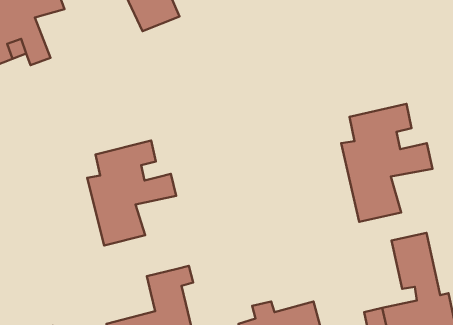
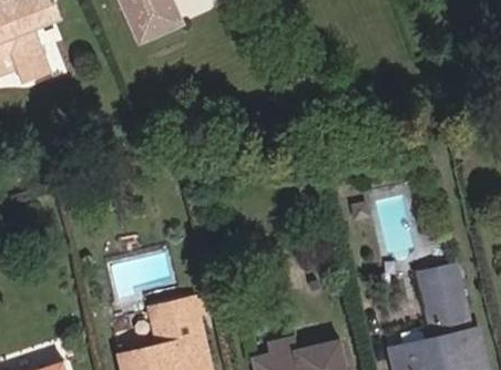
building: [341,104,433,222] -> none
building: [87,141,176,246] -> none

